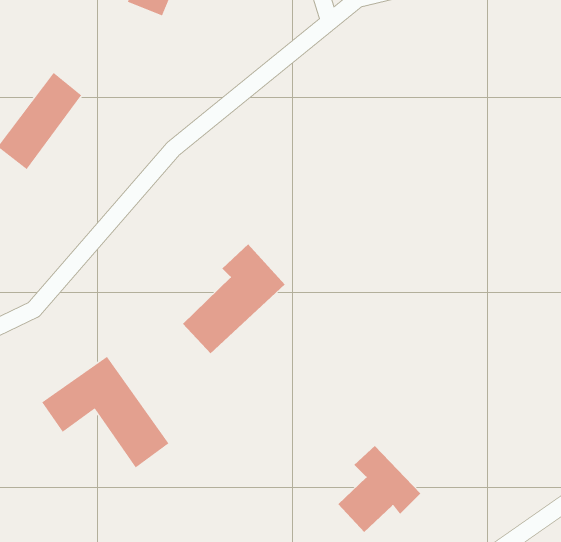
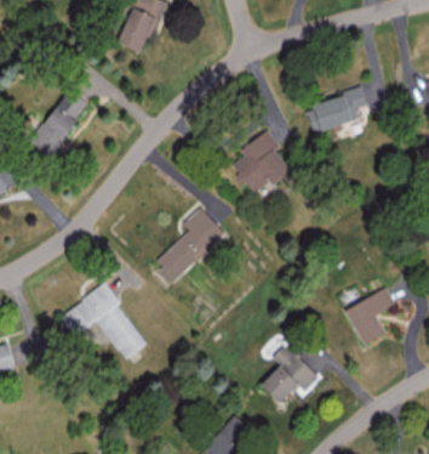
building: none -> [313,90,368,130]
building: none -> [233,131,293,197]
building: none -> [345,289,395,345]

